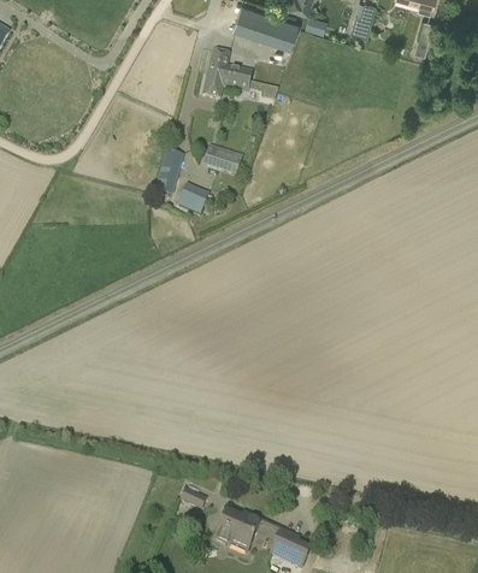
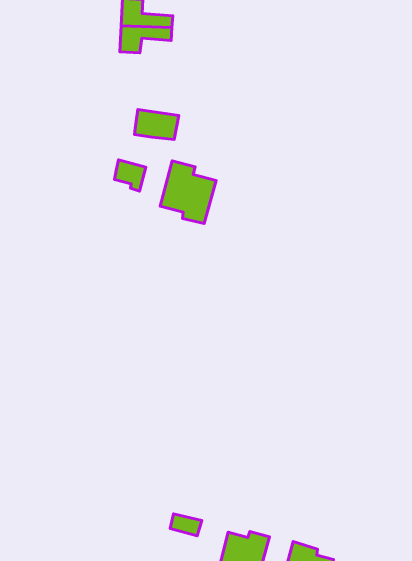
building: [154,150,182,194] -> none
building: none -> [160,161,216,223]

